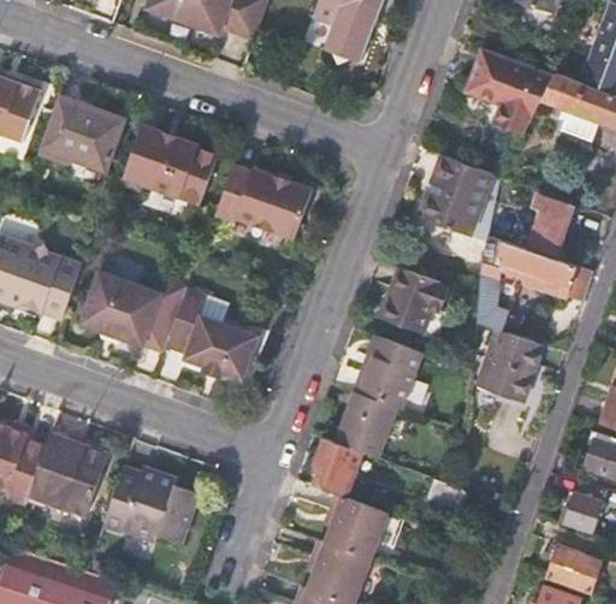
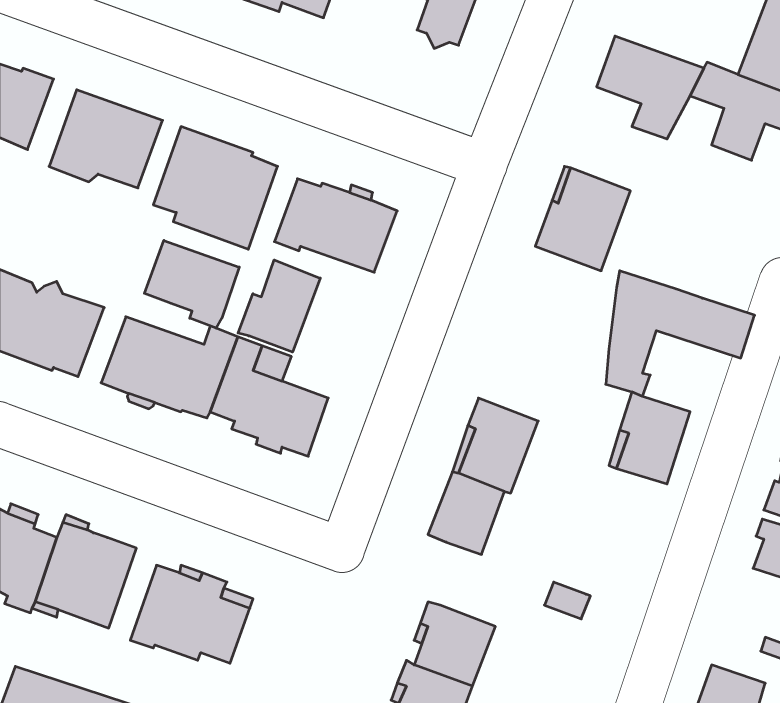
building: [531,193,569,257] -> none
building: none -> [144,240,239,328]
building: none -> [238,260,320,352]
building: [383,268,450,334] -> none
building: [314,439,355,498] -> none
building: [558,492,602,533] -> none

